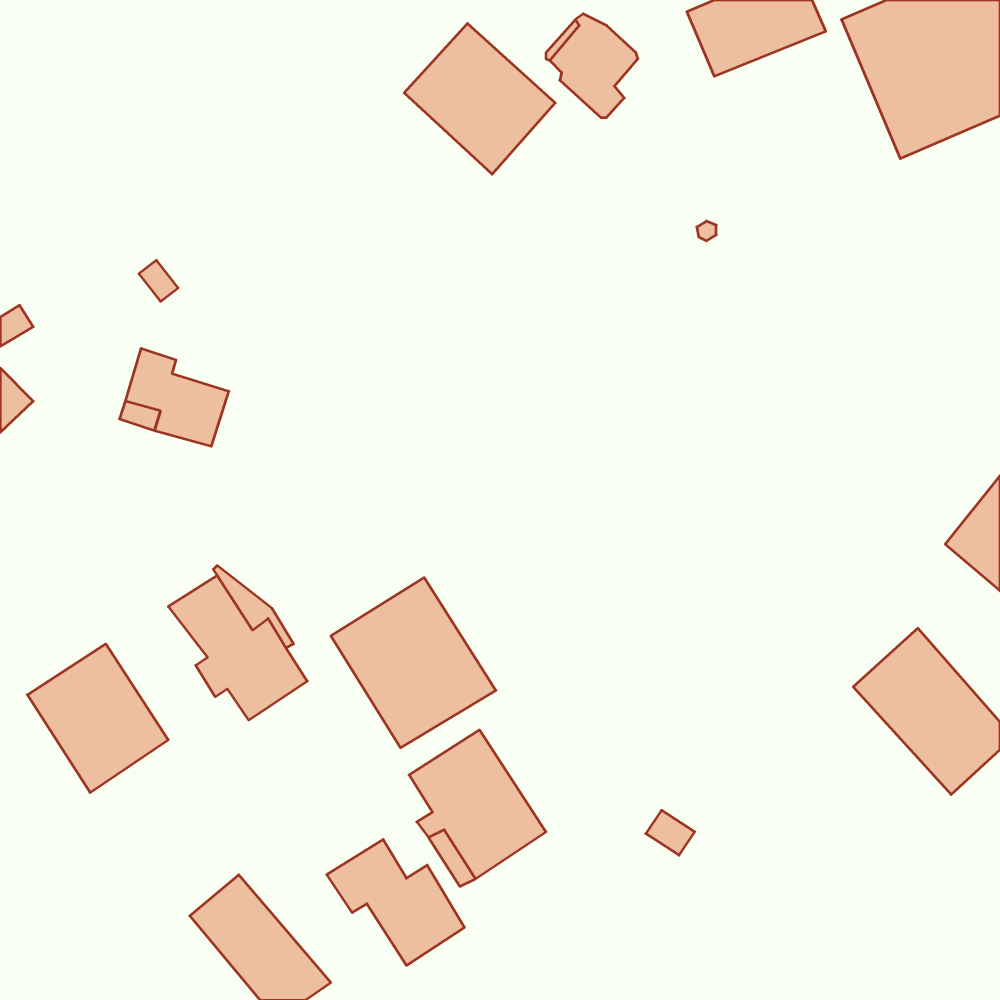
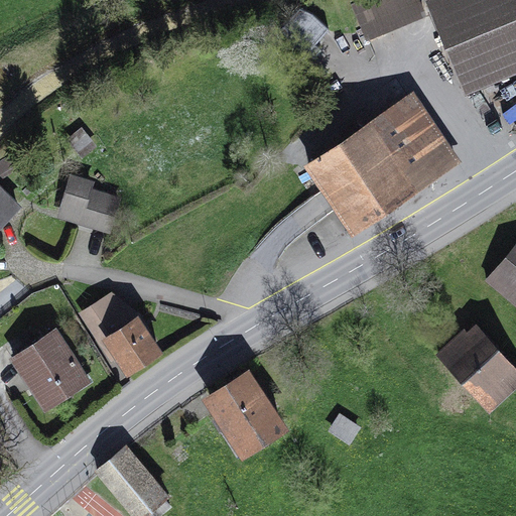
building: [404,23,555,174] -> none
building: none -> [310,98,456,230]
building: [331,578,496,748] -> none
building: [327,839,464,965] -> none

